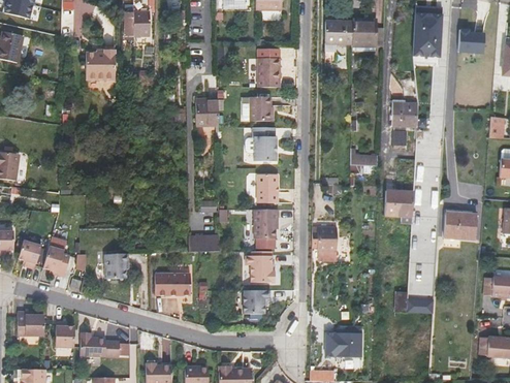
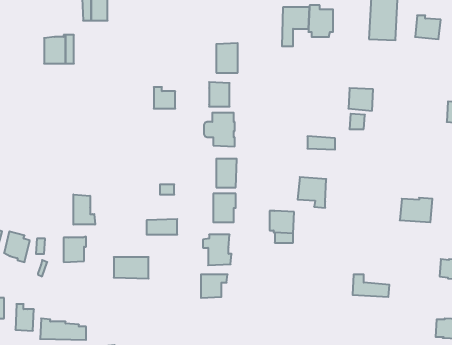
building: [383,191,412,222] -> [298,177,326,208]
building: none -> [73,194,95,225]
building: [326,332,362,357] -> none

